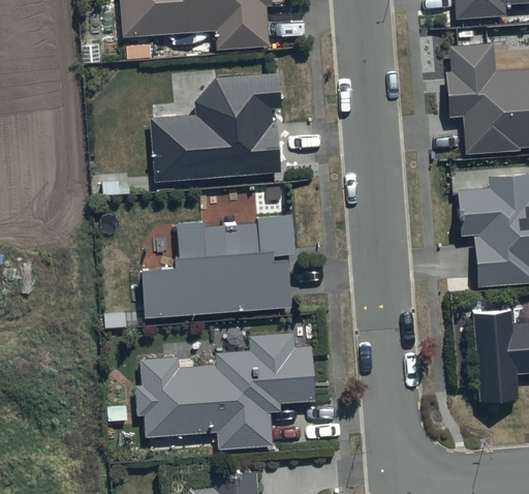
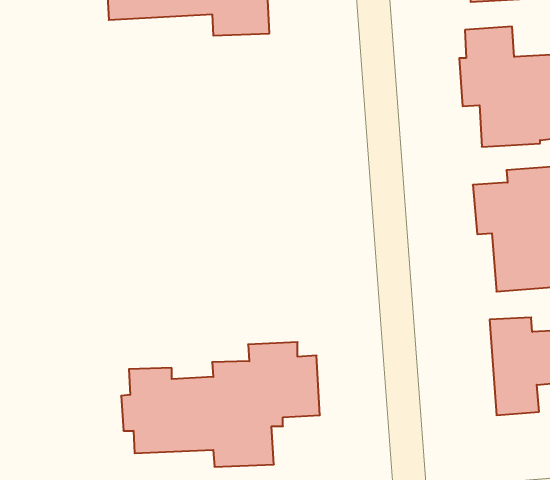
building: [150,73,283,182] -> none
building: [142,215,295,317] -> none

